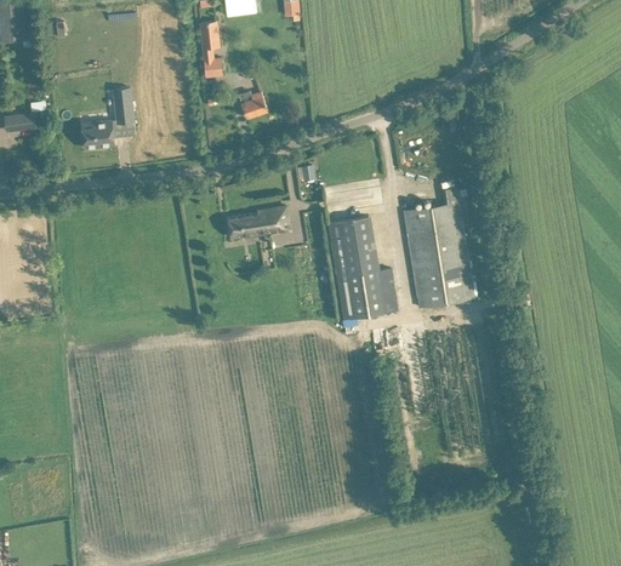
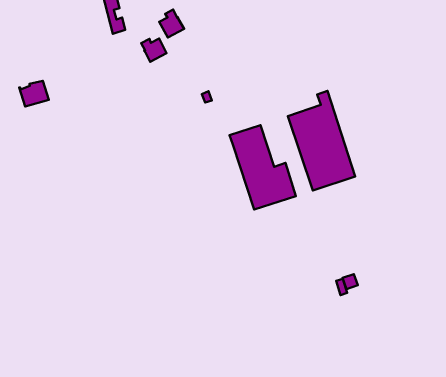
building: none -> [159,10,184,37]
building: [113,88,133,125] -> none
building: [227,207,289,239] -> none

